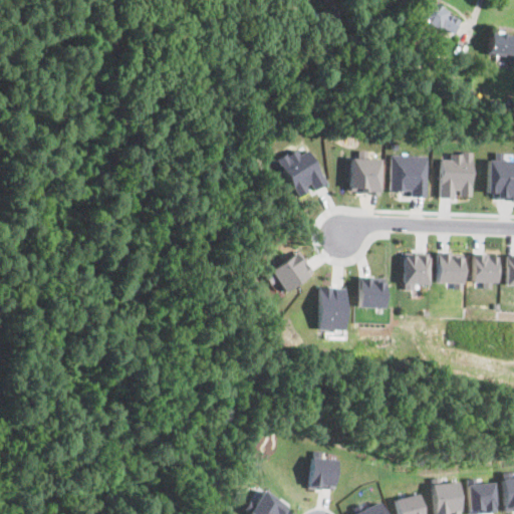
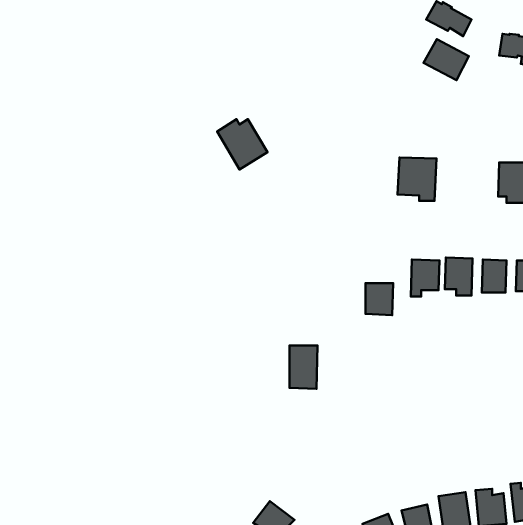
building: none -> [423,39,469,80]
building: [279,150,328,199] -> [217,119,267,170]
building: [441,153,474,198] -> none
building: [351,159,382,193] -> none
building: [271,252,314,292] -> none
building: [319,288,346,330] -> [290,346,317,389]
building: [309,457,338,490] -> none

